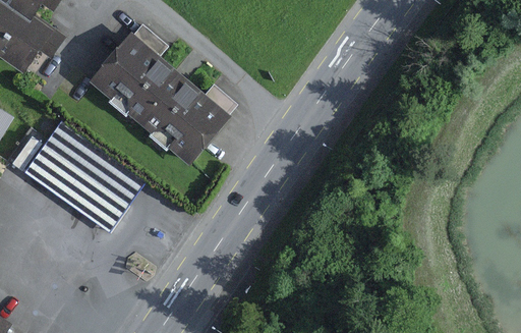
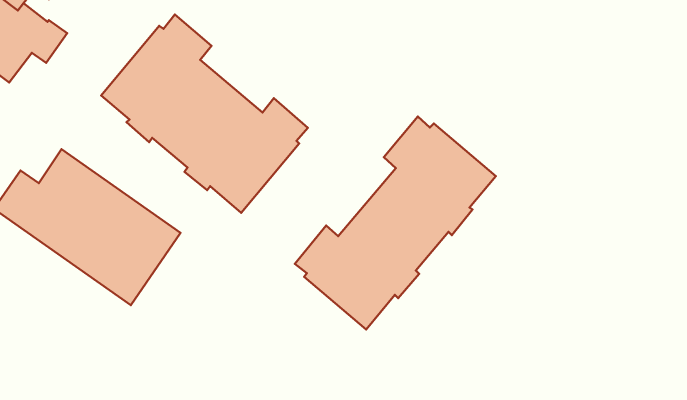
building: none -> [295,117,496,330]

